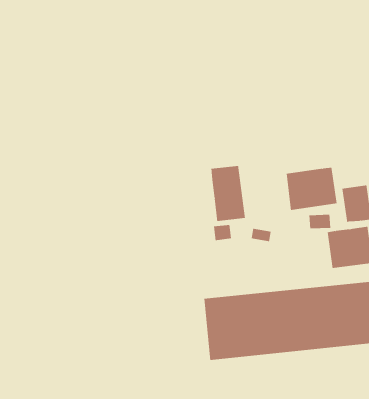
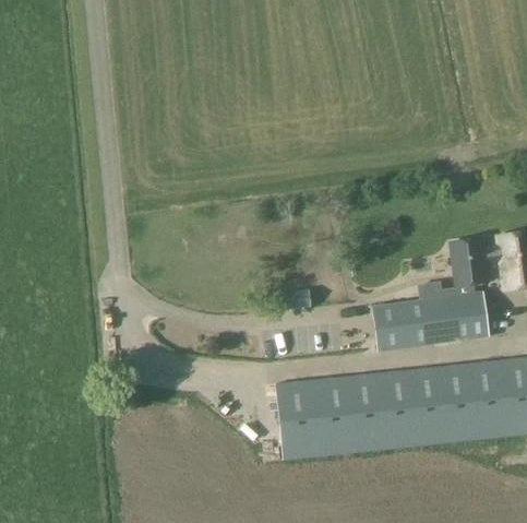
building: [211,165,245,222] -> none
building: [286,167,337,210] -> [373,297,439,352]

